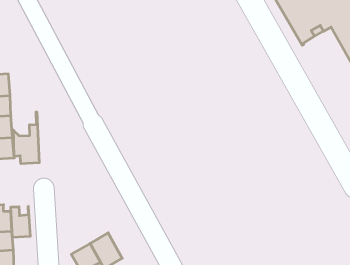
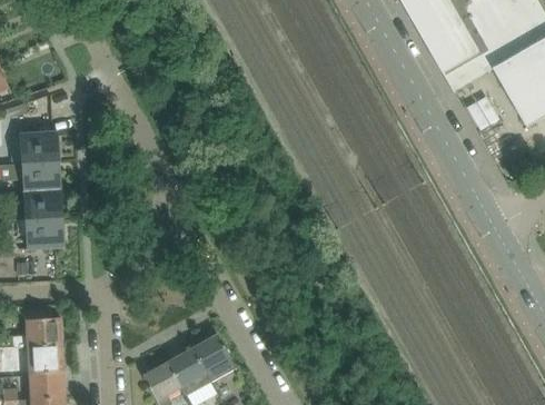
building: [13,112,39,164] -> none
building: [11,206,30,237] -> none
building: none -> [192,334,236,382]

